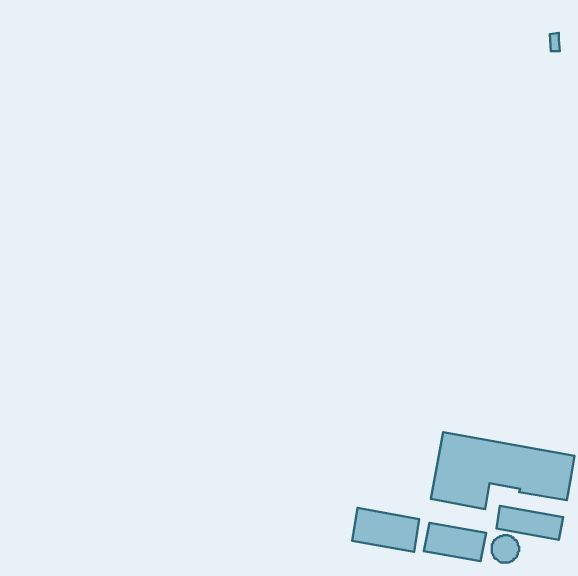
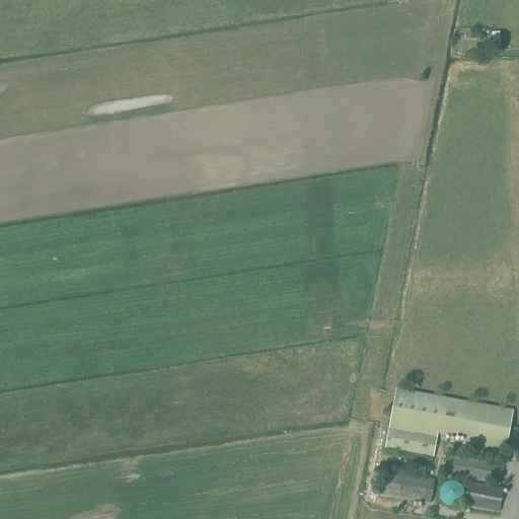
building: [352,508,419,552] -> none
building: none -> [465,479,504,510]

